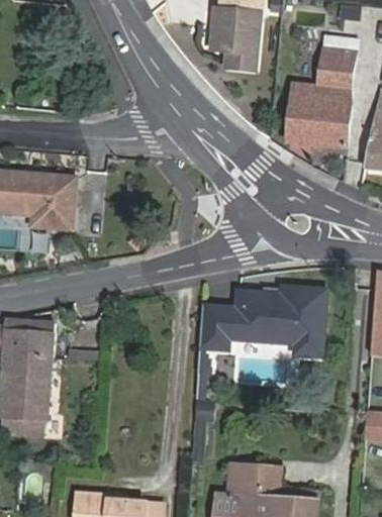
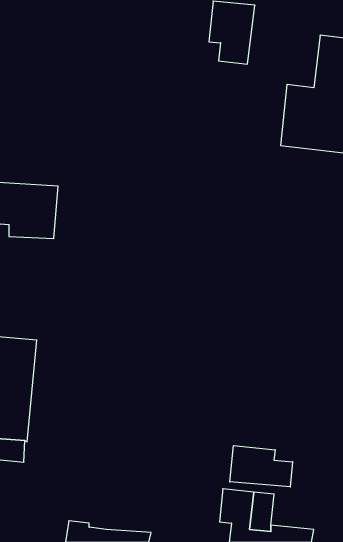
building: [200,288,327,357] -> none
building: none -> [230,446,293,487]

